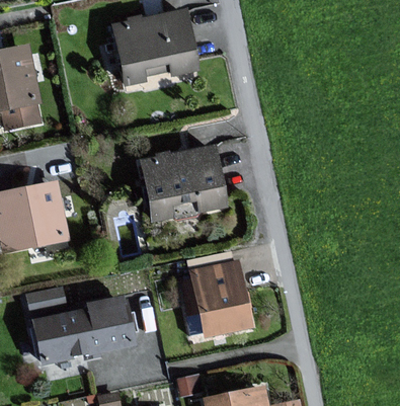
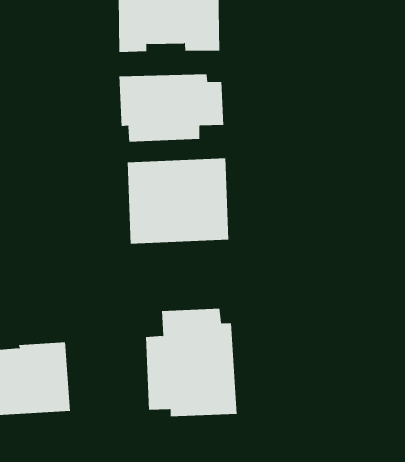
building: none -> [119,74,224,142]

